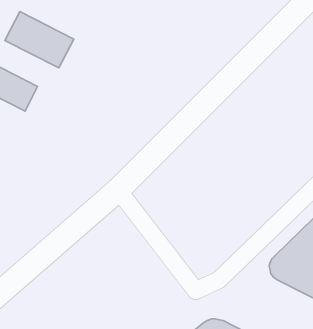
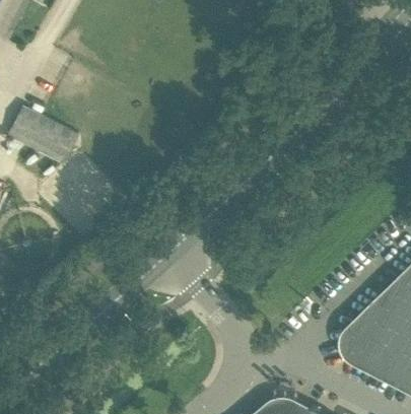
building: [5,11,74,68] -> none

